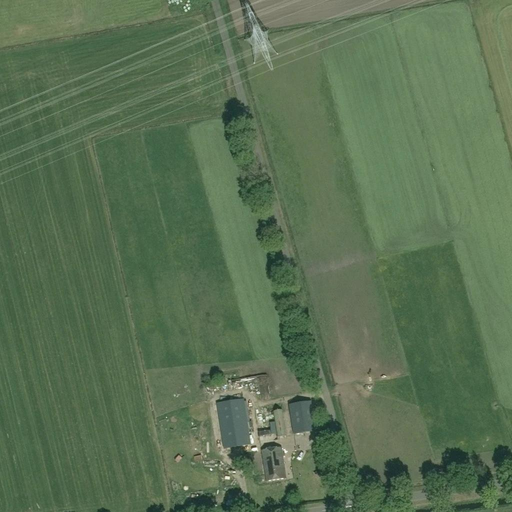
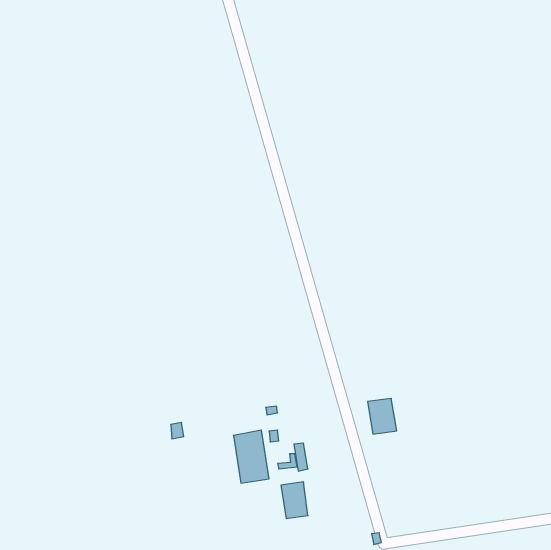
building: [288,400,315,433] -> [368,398,397,434]

